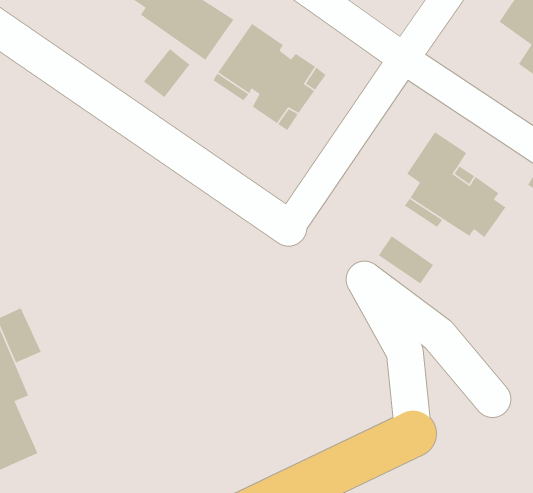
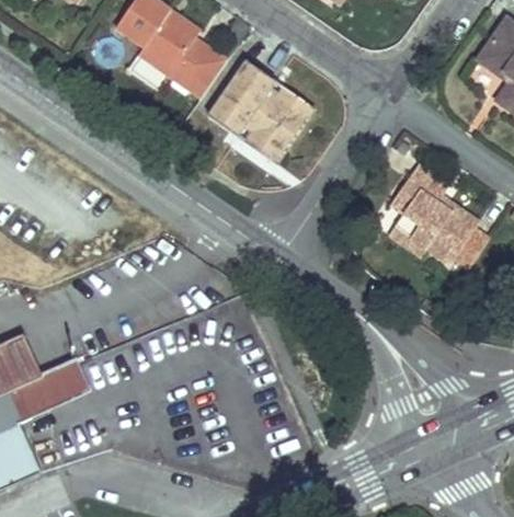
building: [143,48,190,98] -> none
building: [378,235,434,285] -> none
building: none -> [19,358,92,415]

